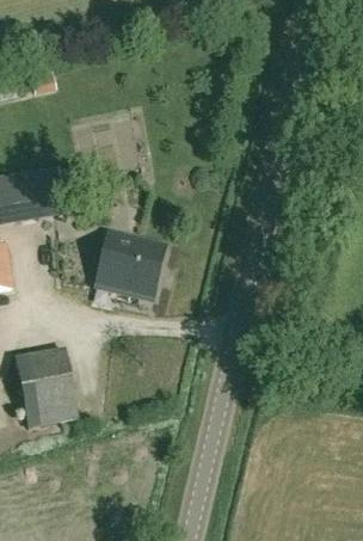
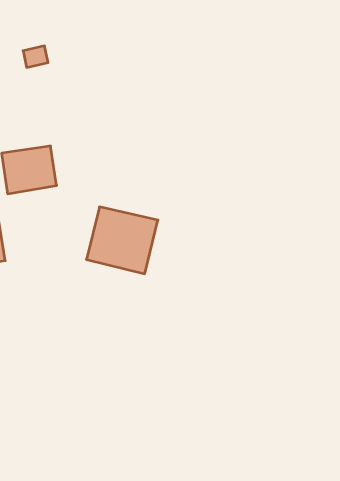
building: [17,349,78,425] -> none

